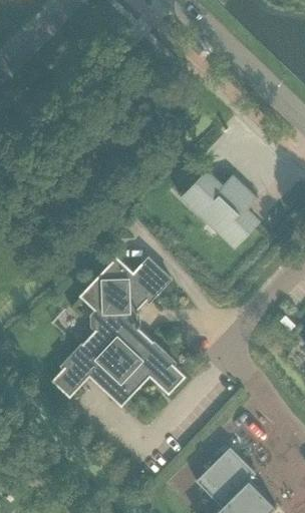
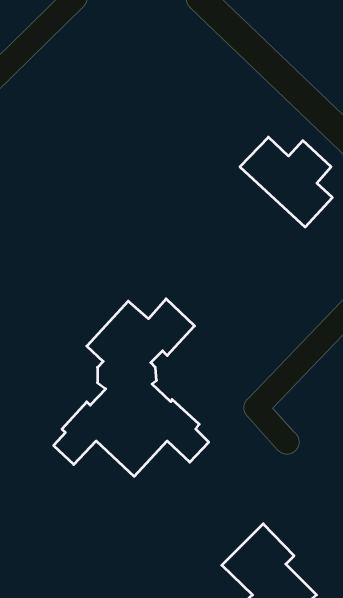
building: [181,172,259,248] -> [240,137,332,227]

